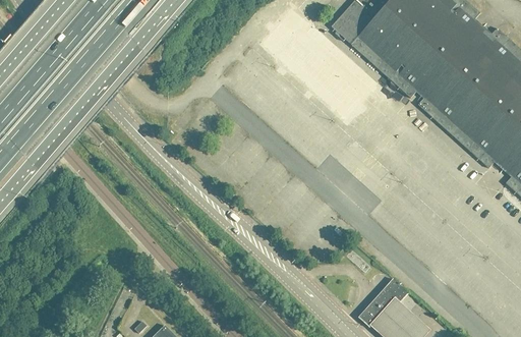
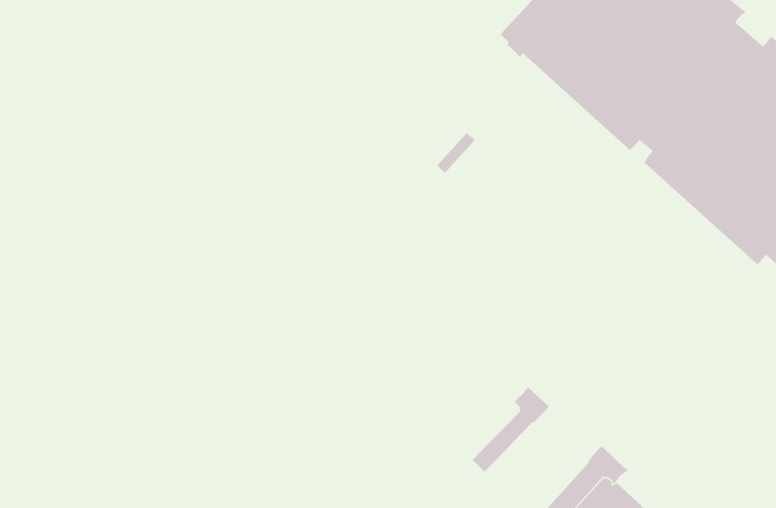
building: none -> [471,386,550,473]

